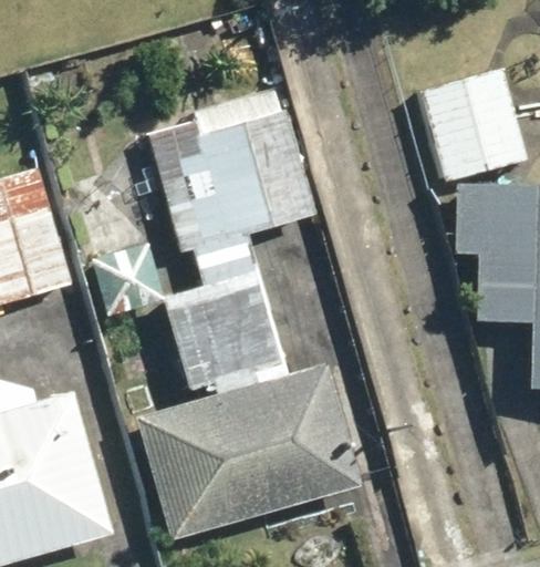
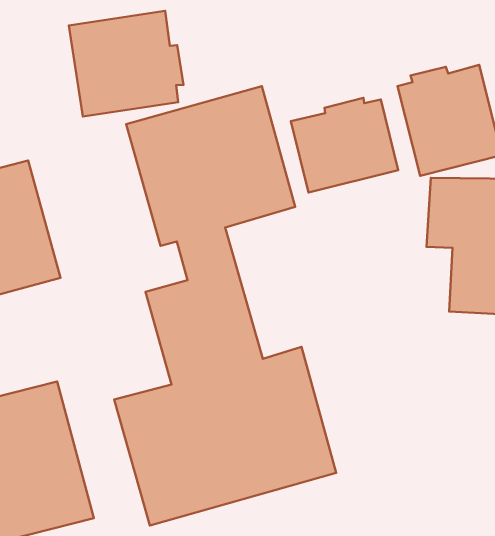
building: none -> [69,11,183,117]
building: none -> [291,98,398,193]

